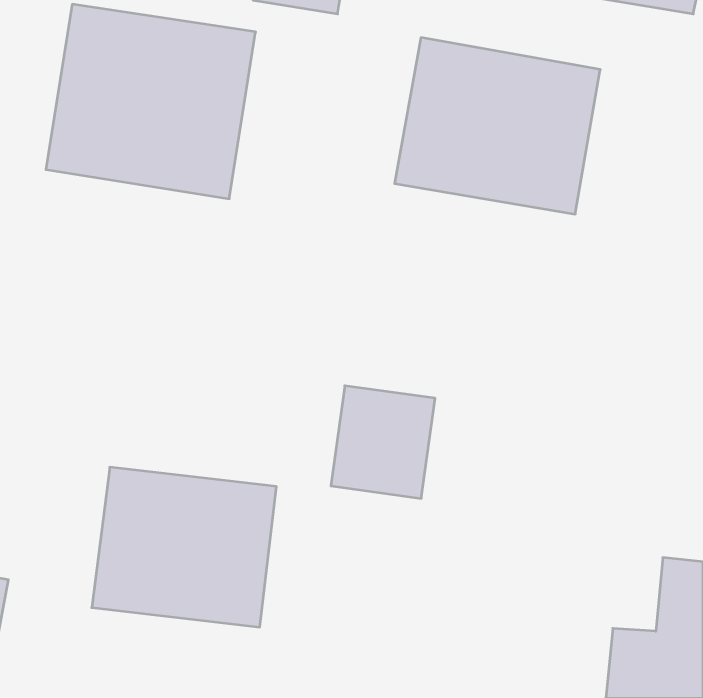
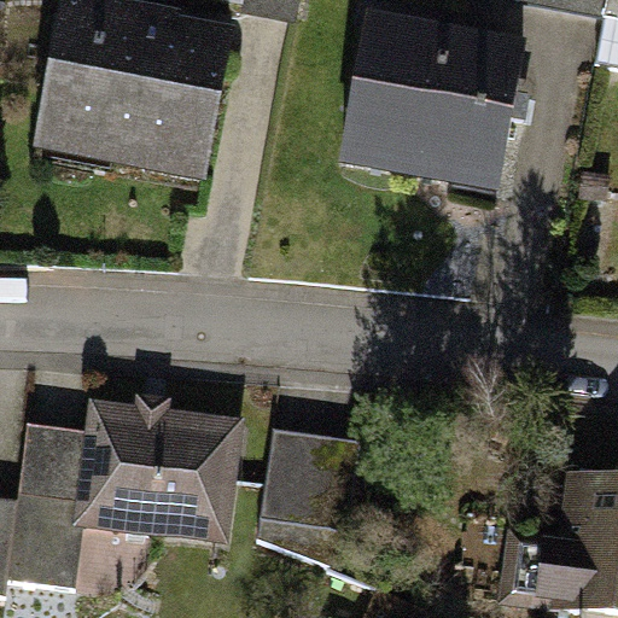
building: [331,386,435,498] -> [267,432,357,530]
building: none -> [11,427,82,583]

